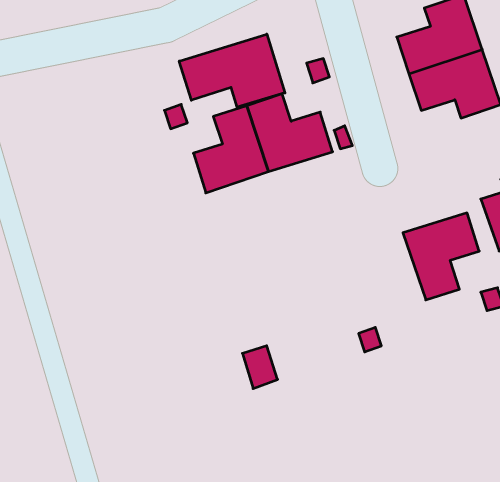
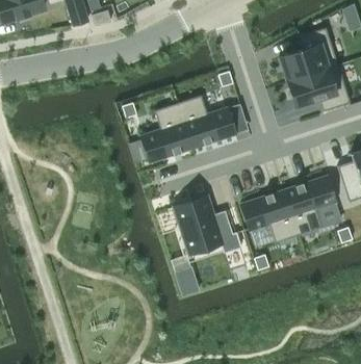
building: [179,34,285,107] -> none
building: none -> [240,190,299,243]
building: none -> [174,197,233,255]

